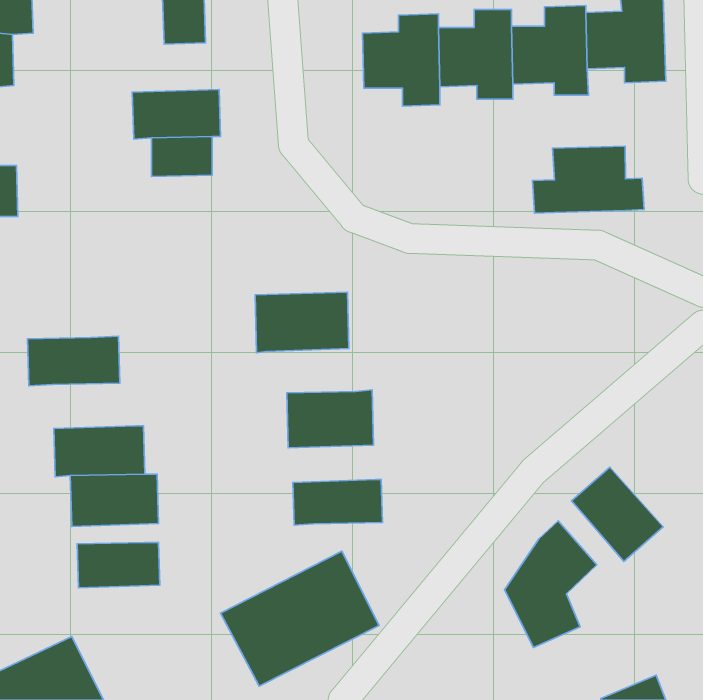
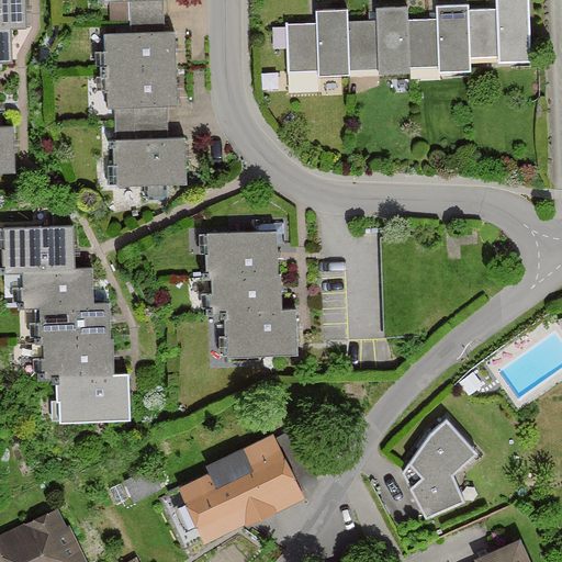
building: none -> [104,34,175,74]
building: [532,146,644,213] -> none
building: none -> [111,139,186,184]
building: none -> [4,228,72,270]
building: [571,467,663,561] -> none
building: [293,480,383,525] -> [212,278,283,314]
building: [77,542,160,588] -> [42,305,108,341]

